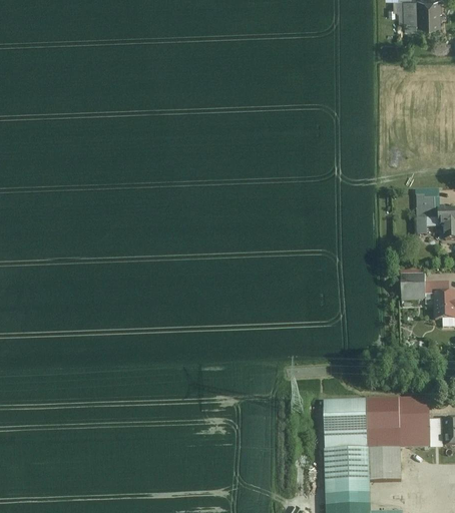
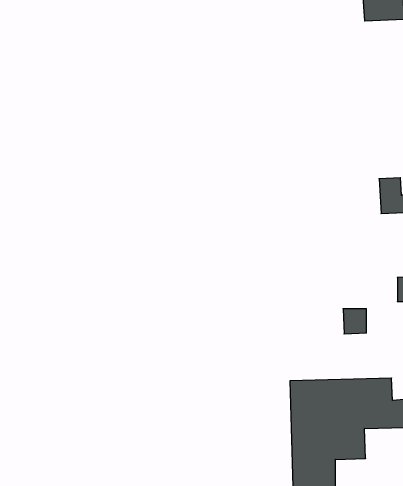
building: [400,273,424,299] -> [343,309,366,334]

